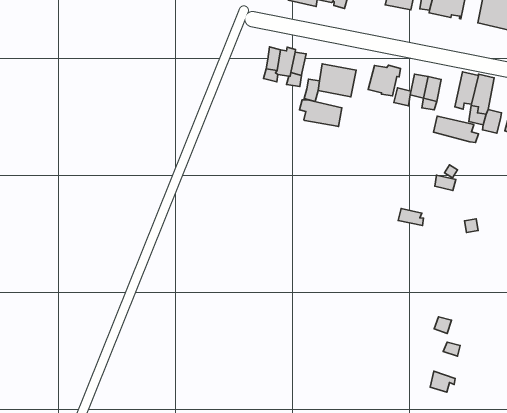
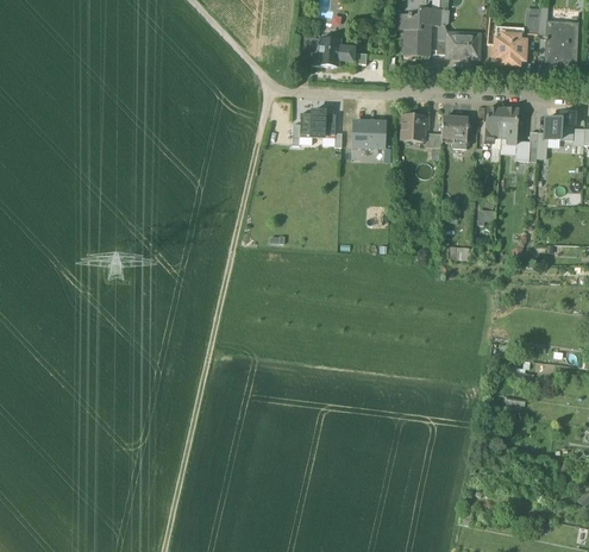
building: [299,100,342,127] -> none
building: [434,116,478,142] -> none

